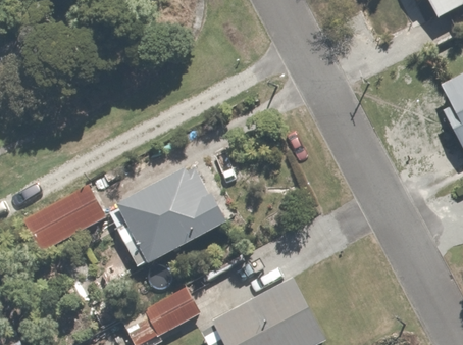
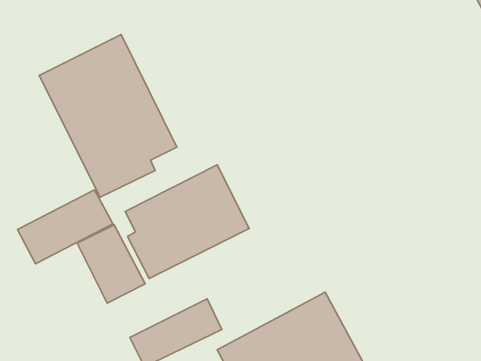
building: none -> [39,34,177,197]
building: none -> [77,225,145,303]

